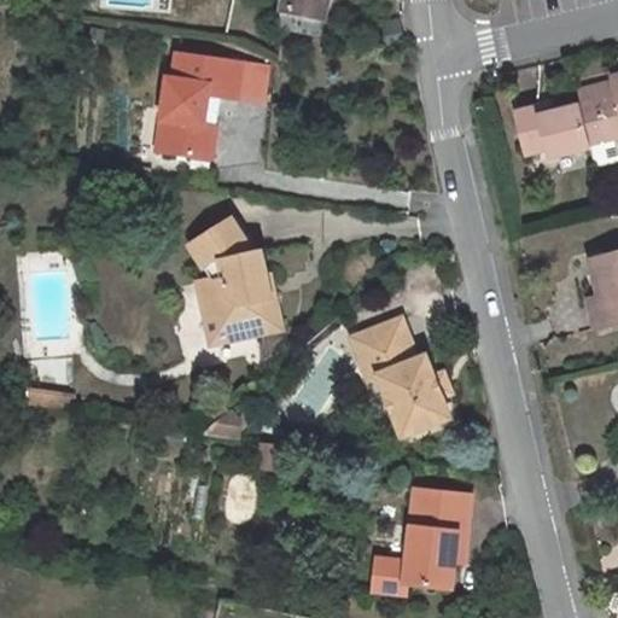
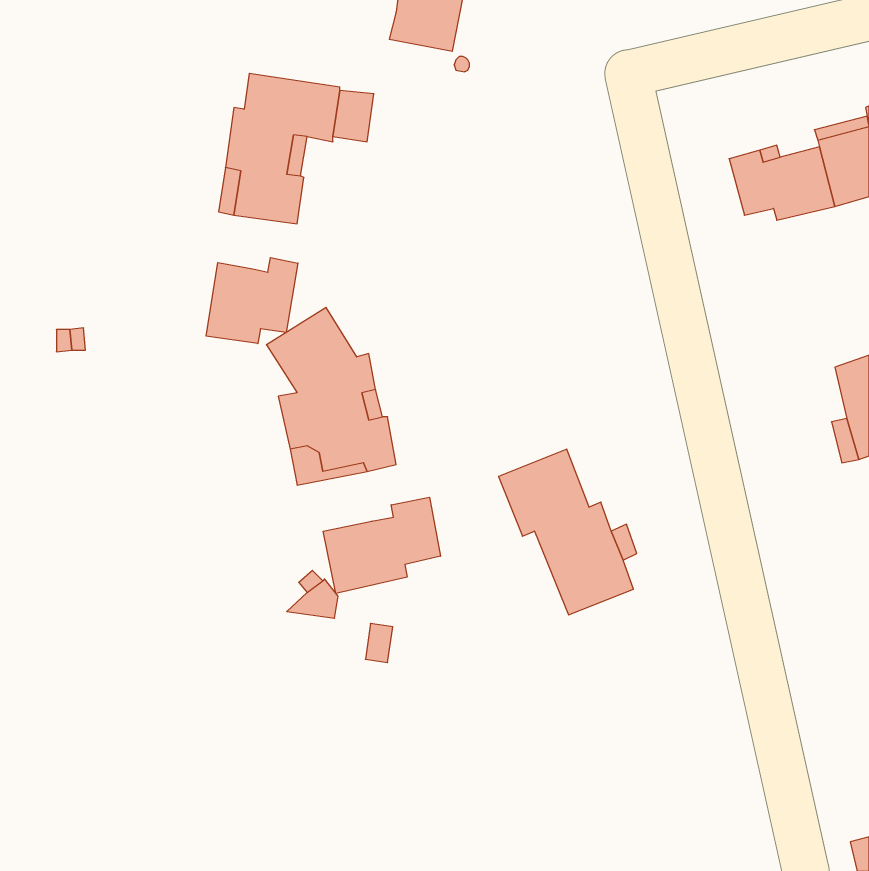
building: none -> [206,258,298,344]
building: none -> [323,497,440,593]
building: [373,488,471,593] -> none

